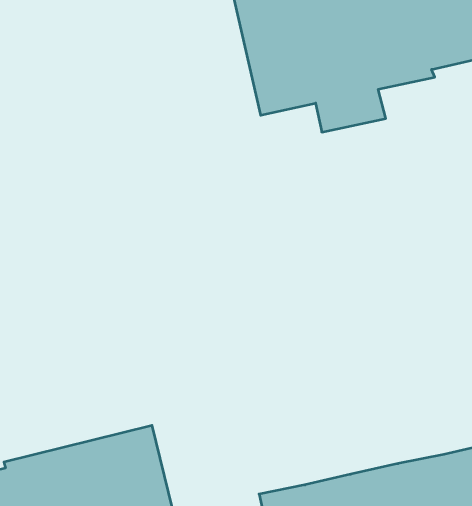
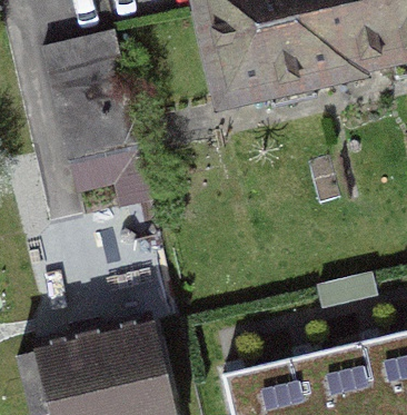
building: none -> [43,38,140,164]

